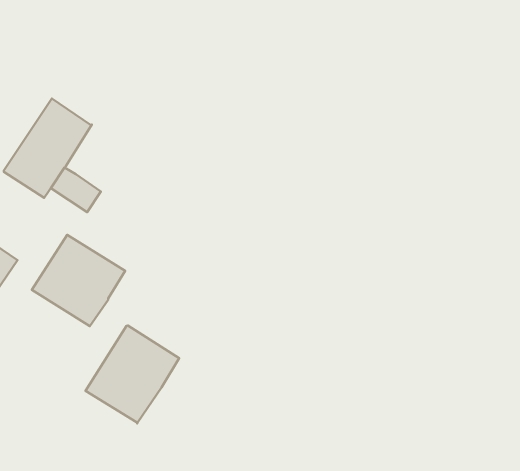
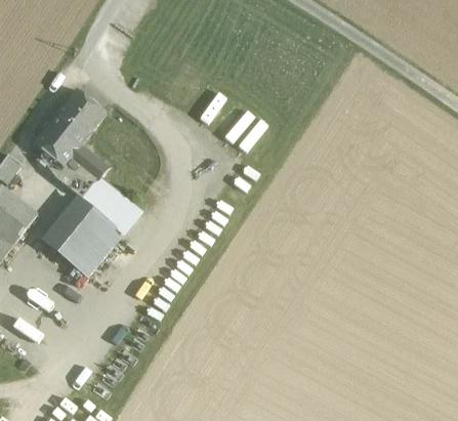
building: none -> [81,182,130,227]
building: [86,326,179,424] -> none

